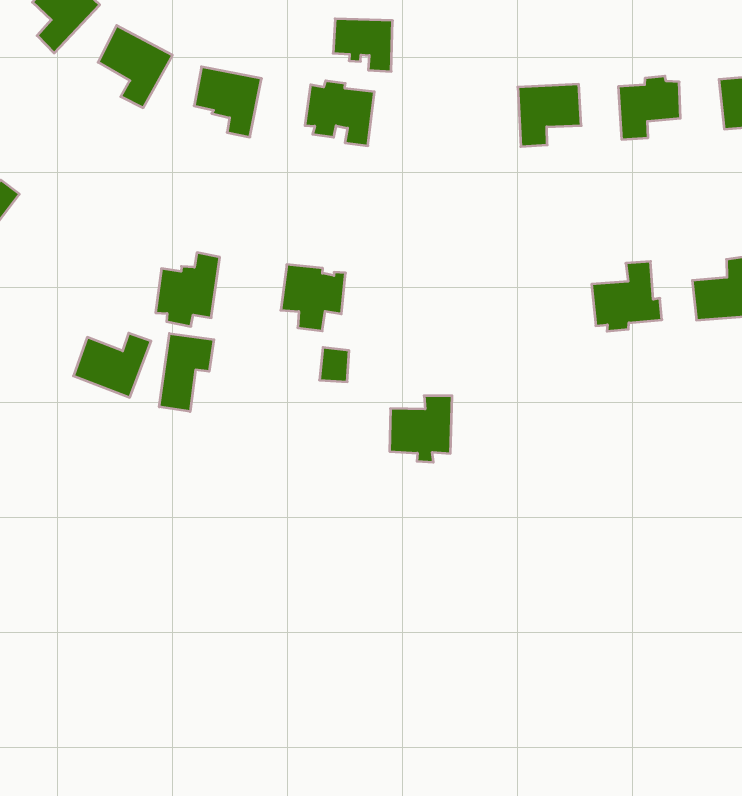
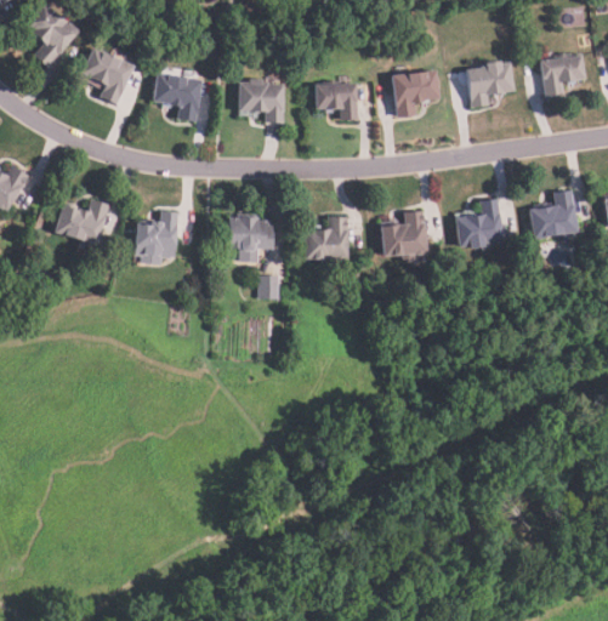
building: [333,19,393,71] -> [316,82,359,120]
building: none -> [380,210,427,261]
building: [73,333,151,397] -> [55,199,110,246]
building: [159,333,214,412] -> none
building: [390,396,452,462] -> [303,216,350,266]

